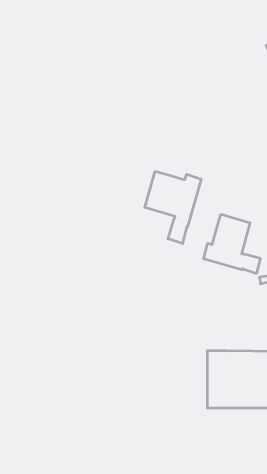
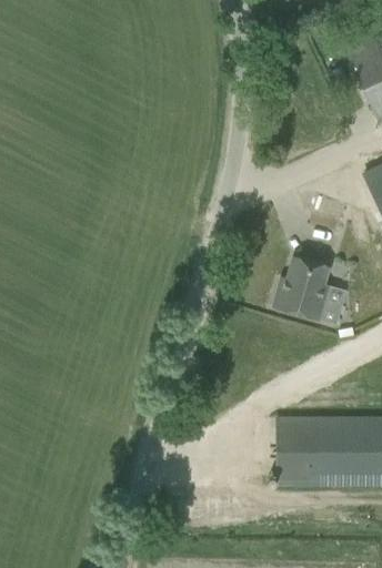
building: [145,172,201,244] -> none

